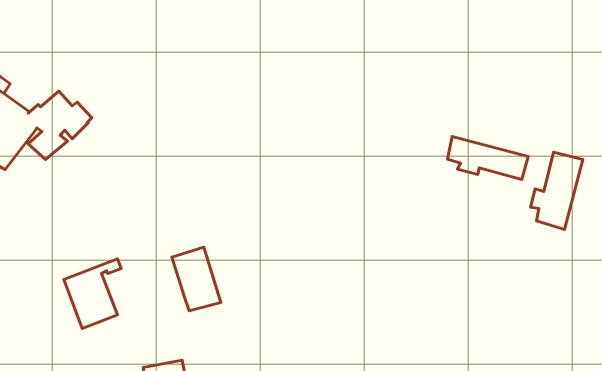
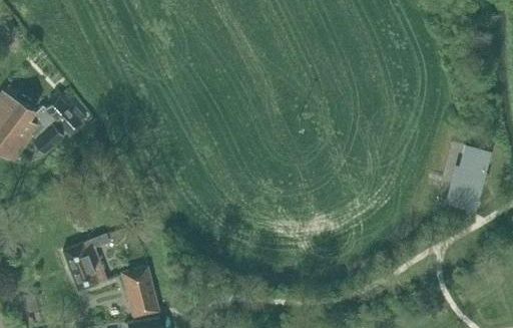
building: [447,136,528,179] -> none
building: [172,247,221,311] -> [120,267,160,319]

